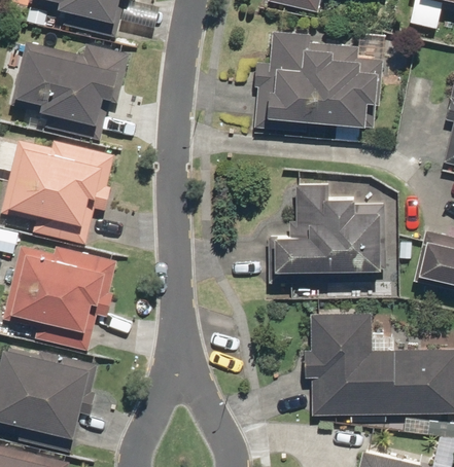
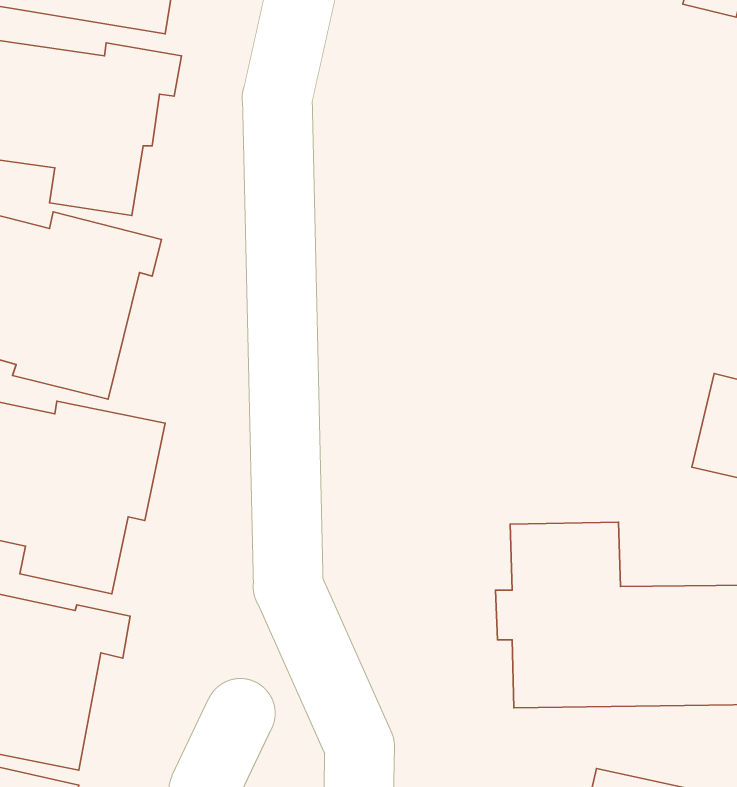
building: [252,30,384,132] -> none
building: [268,183,389,284] -> none

